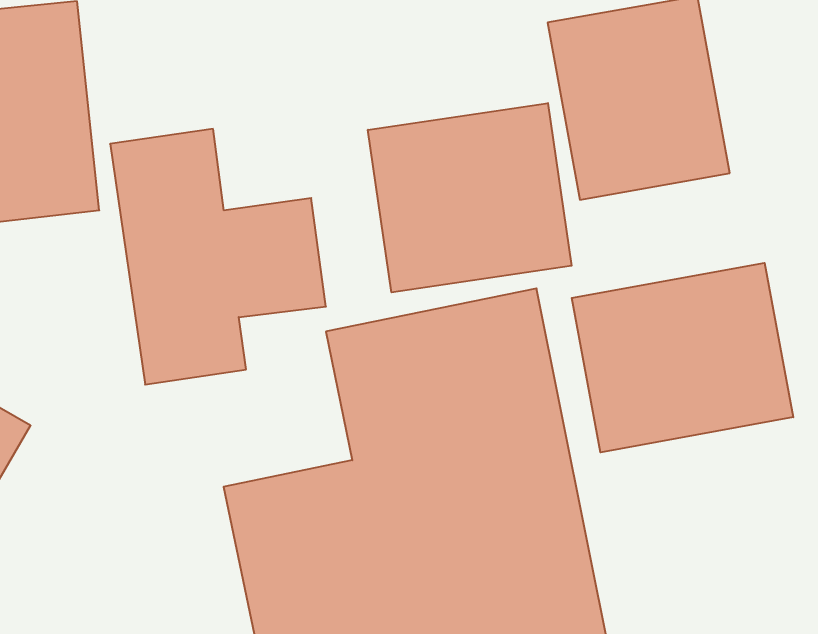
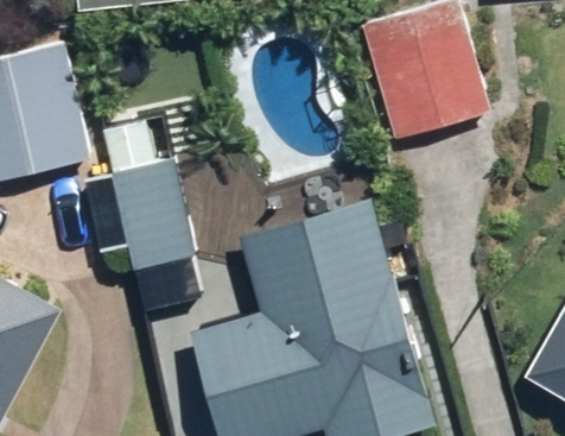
building: [368,103,572,292] -> none
building: [572,263,793,452] -> none

